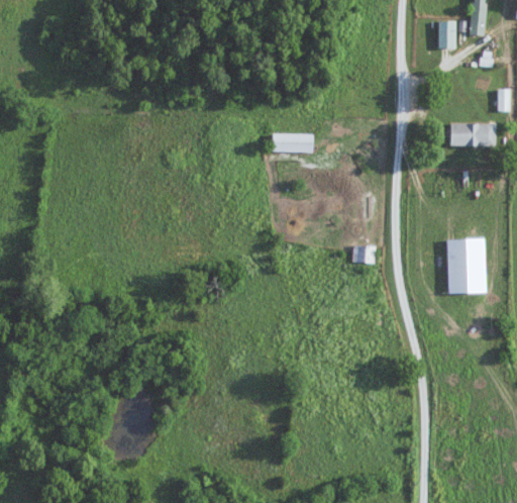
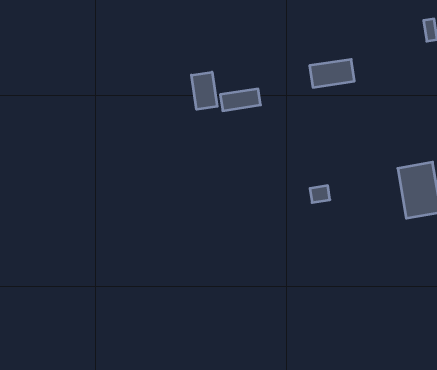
building: none -> [191,72,217,109]
building: [450,123,495,146] -> [310,59,354,87]

